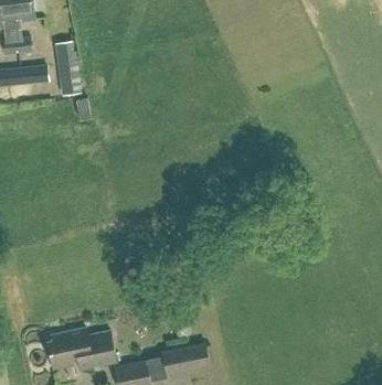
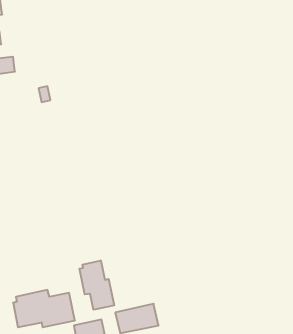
building: [56,58,79,96] -> none
building: none -> [79,260,114,310]

